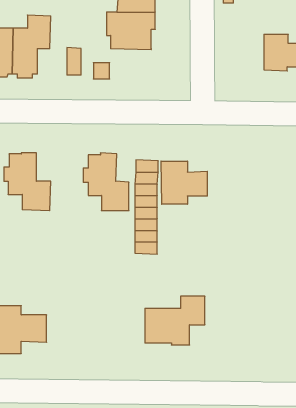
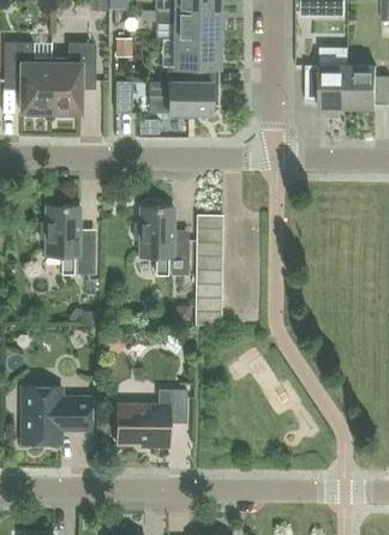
building: none -> [306,55,348,108]
building: none -> [149,83,219,118]
building: [161,161,207,204] -> none
building: [145,296,205,345] -> [116,390,187,447]

